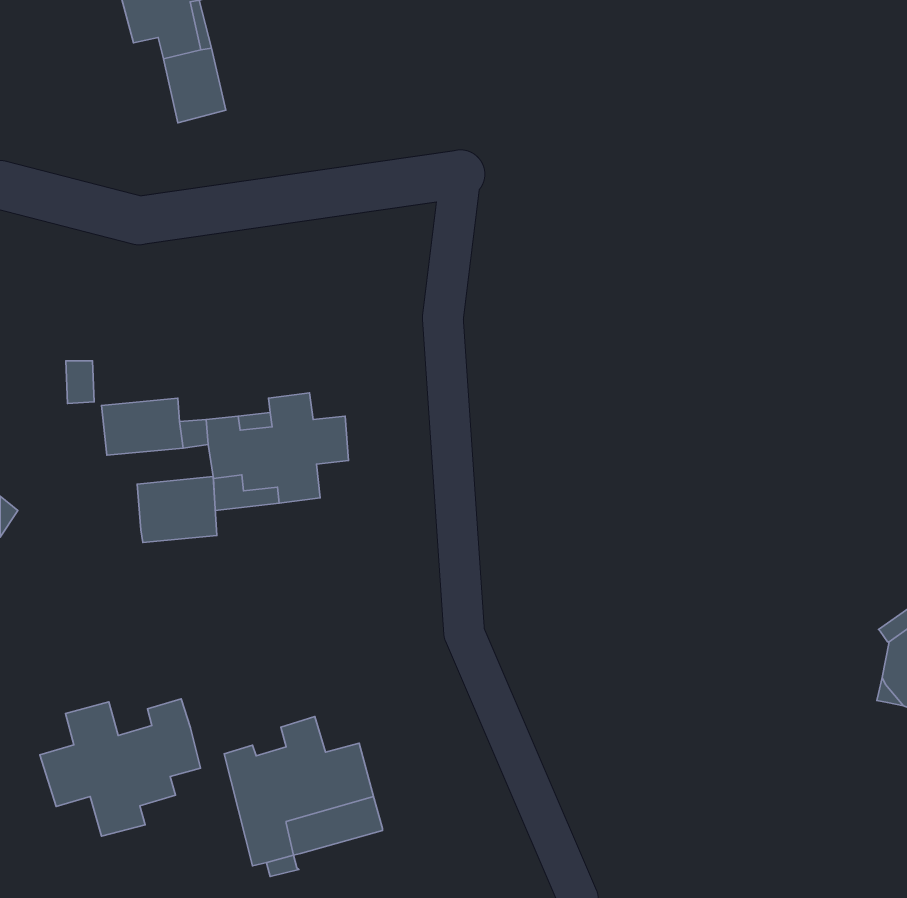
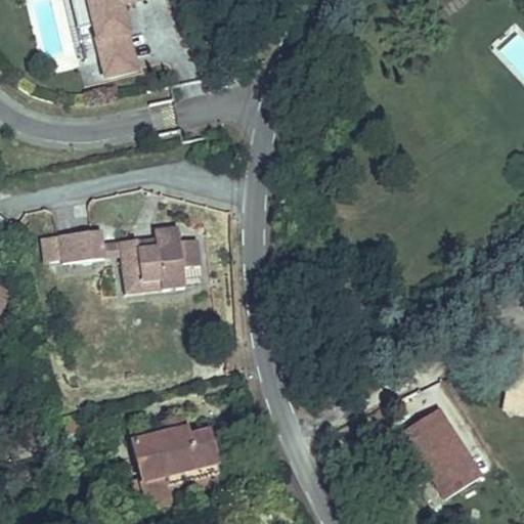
building: [137,477,217,542] -> none
building: [40,699,200,836] -> none
building: none -> [398,406,481,495]

